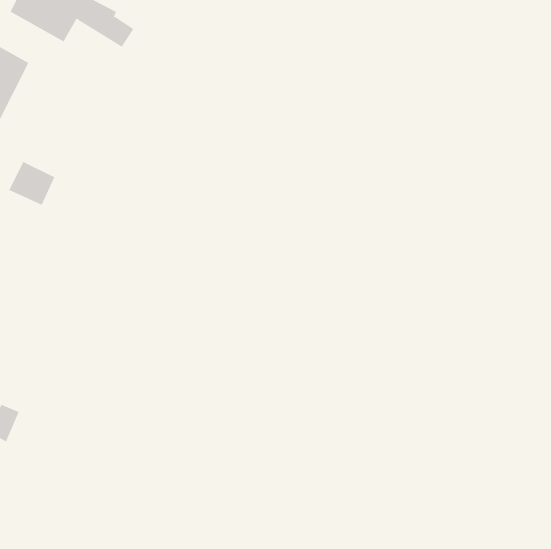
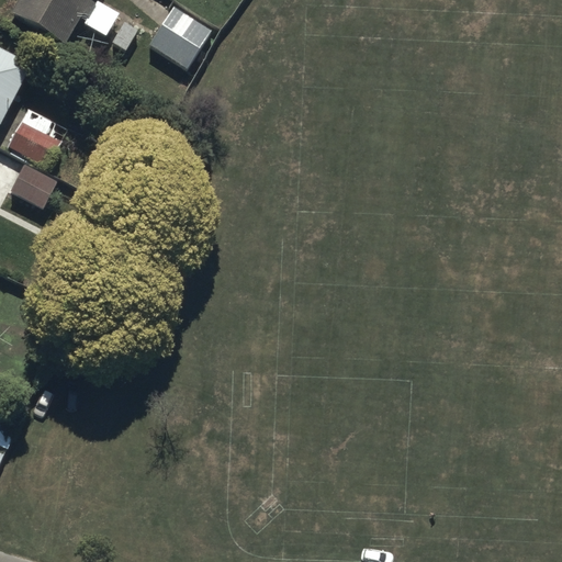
building: none -> [144,5,210,67]
building: none -> [4,119,60,171]

